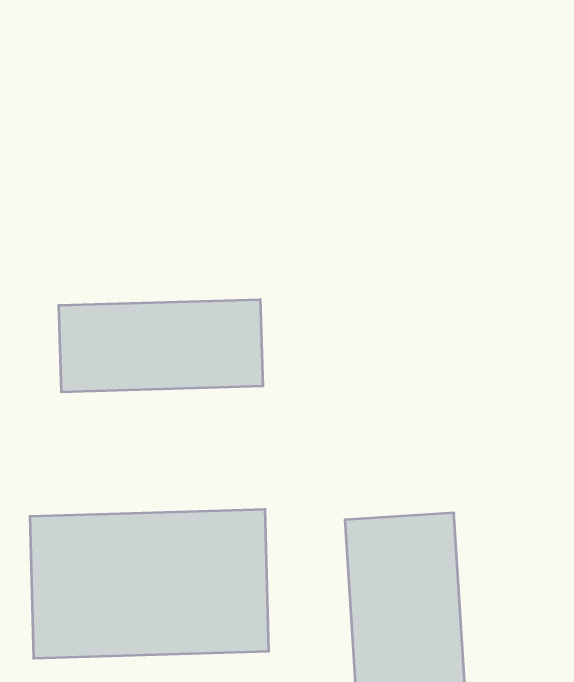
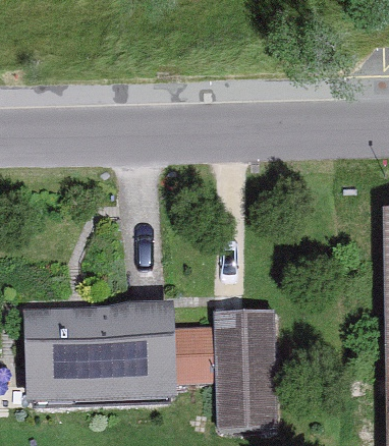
building: [59,299,263,392] -> none

